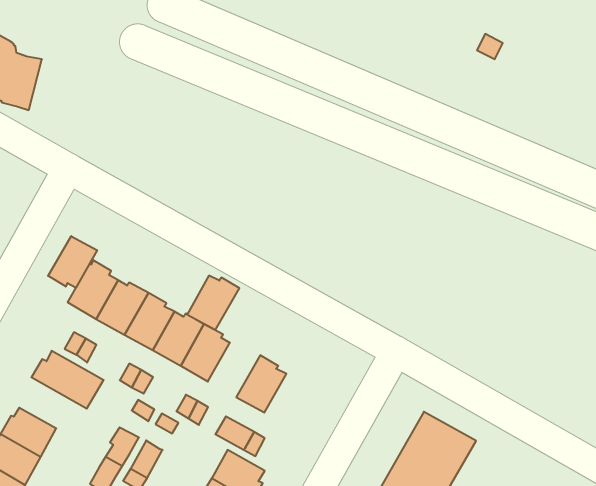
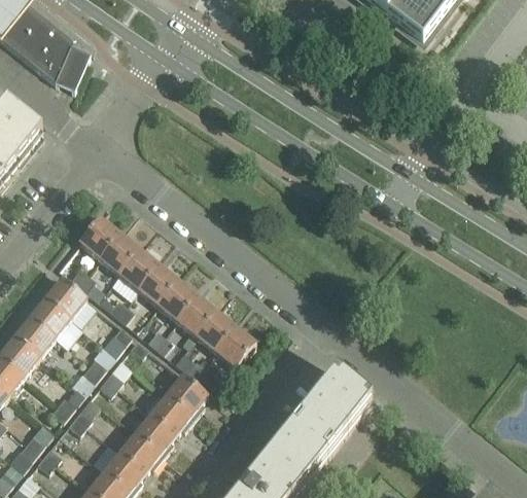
building: [48,236,97,288] -> none
building: [187,276,239,330] -> [174,295,217,337]
building: none -> [213,326,255,369]
building: none -> [27,296,81,349]

